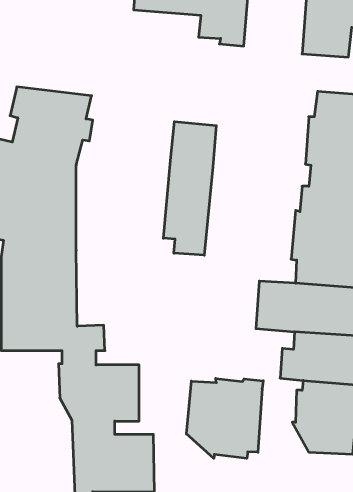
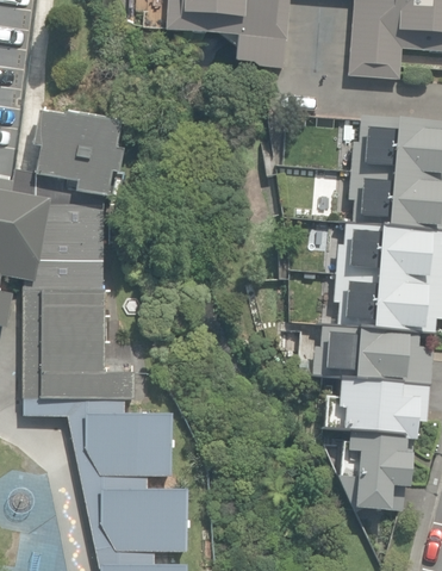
building: [163,122,216,255] -> none
building: [186,378,263,458] -> none

